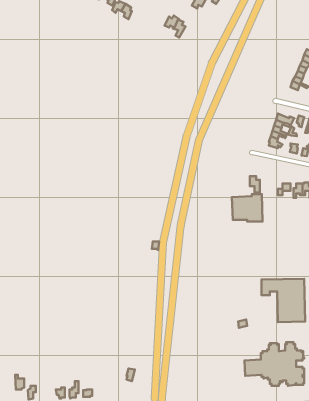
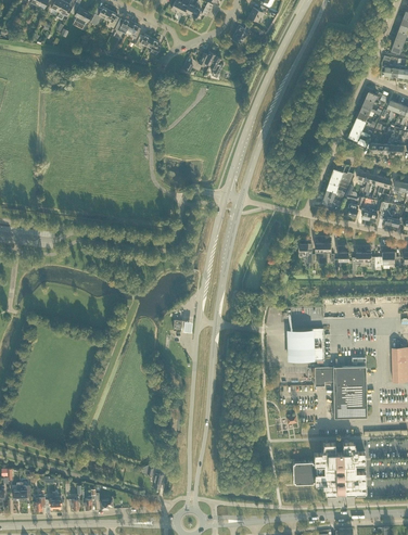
building: [232,194,263,222] -> [288,328,324,360]

